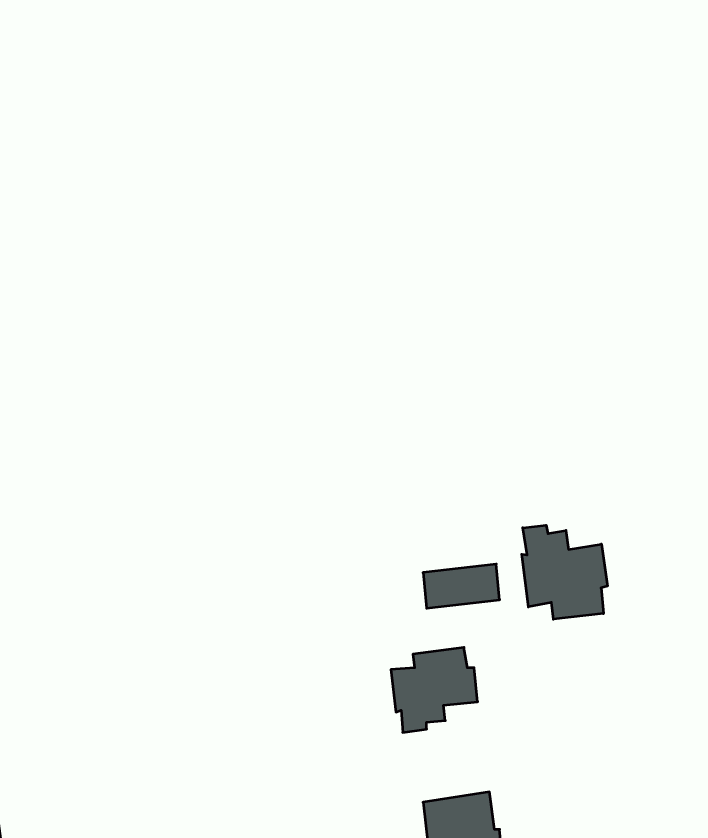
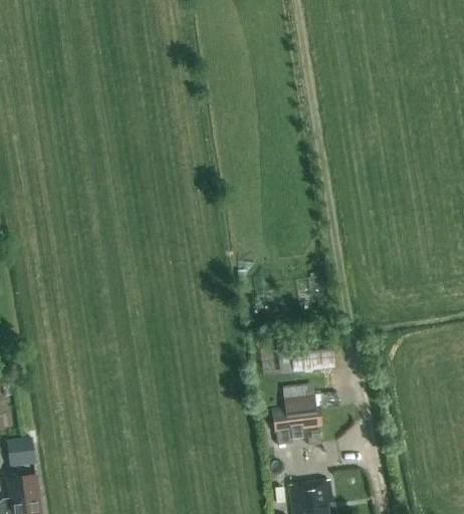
building: [522,525,607,619] -> none

